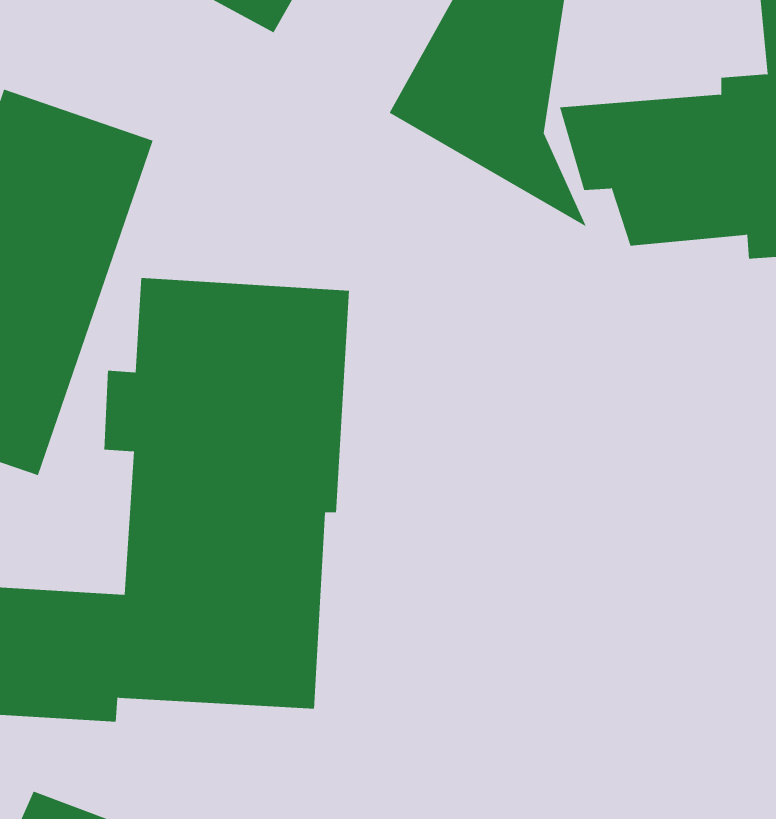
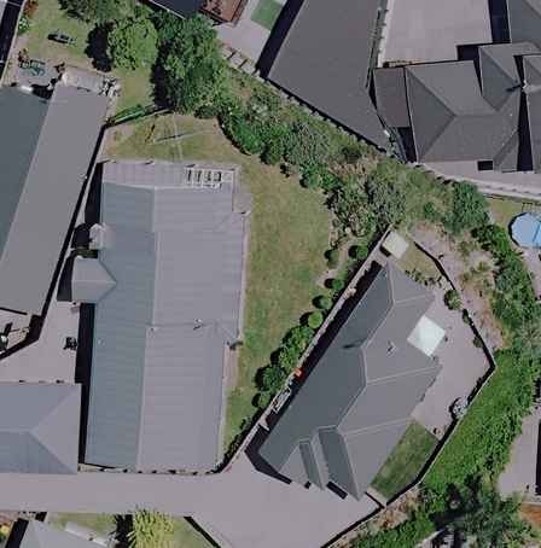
building: none -> [261,261,446,501]

